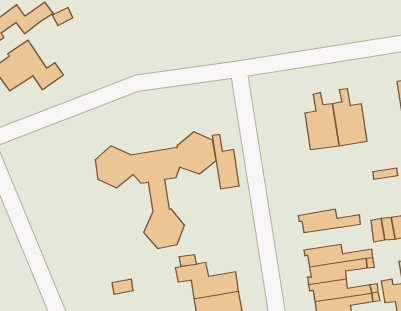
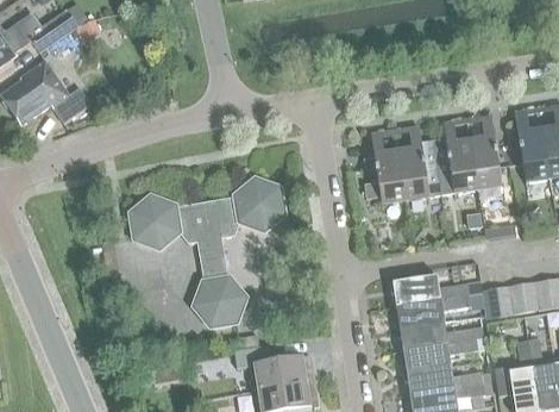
building: none -> [470,116,502,188]
building: [212,135,239,189] -> [370,133,404,202]
building: none -> [395,294,471,327]

